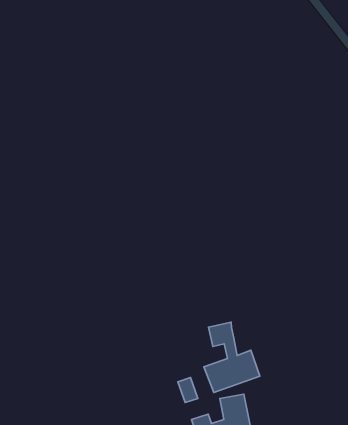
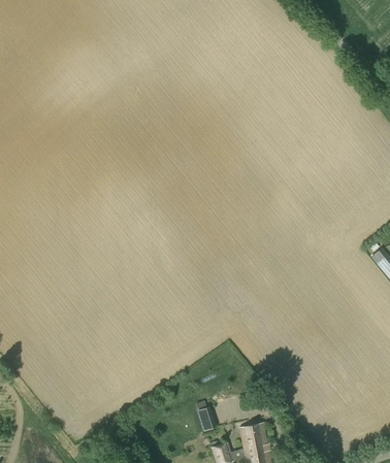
building: [204,322,260,392] -> none

